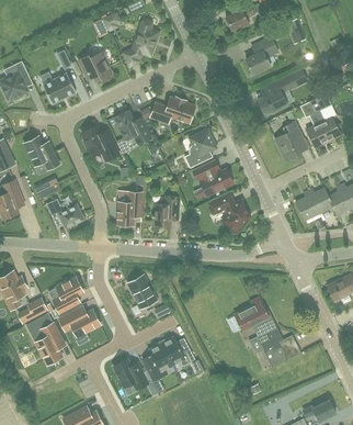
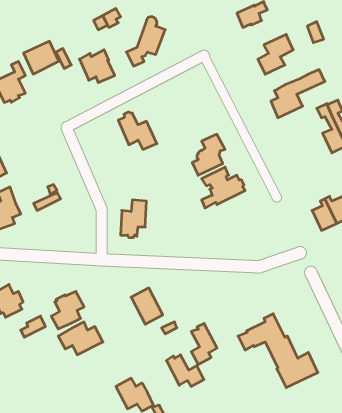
building: [42,72,75,103] -> [24,41,59,74]
building: [149,97,194,123] -> none
building: [274,121,307,160] -> none
building: [81,125,118,160] -> none
building: [23,136,58,169] -> none
building: [208,193,247,232] -> none
building: [155,195,179,227] -> none
building: [46,199,82,227] -> none
building: [34,322,65,364] -> none
building: [147,342,171,380] -> [191,323,217,365]

